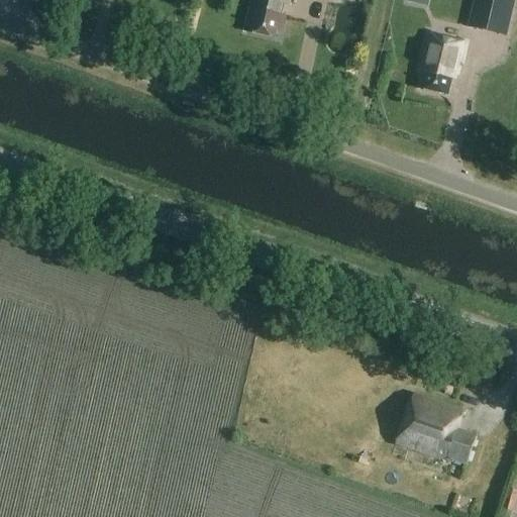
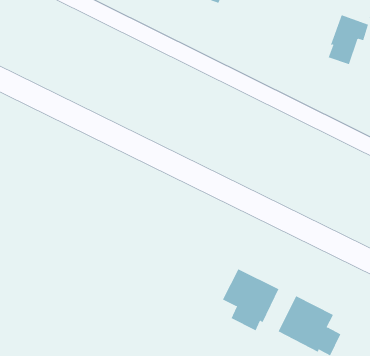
building: none -> [222,268,279,331]

